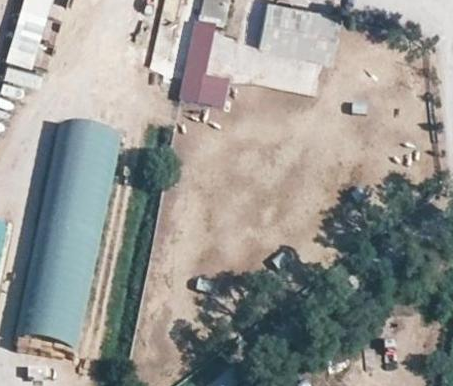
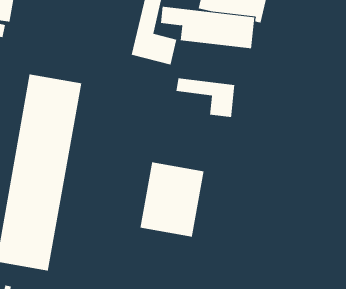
building: none -> [176,78,235,118]
building: none -> [140,162,204,237]

